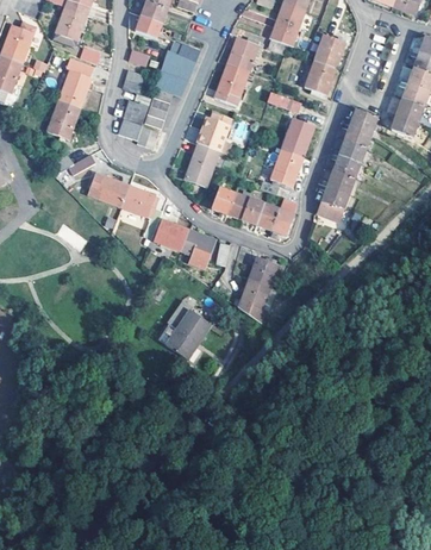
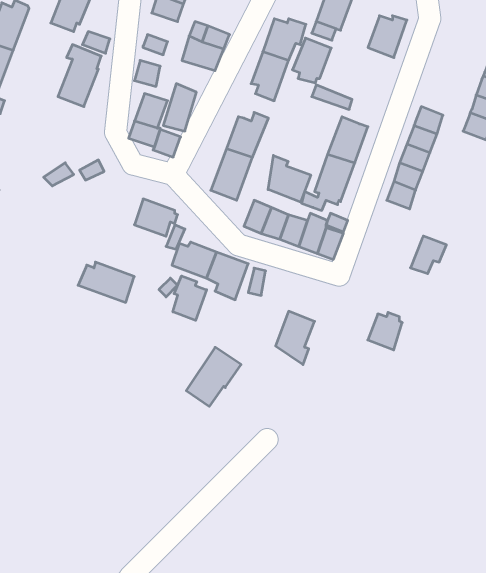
building: [304,60,336,96] -> [292,38,331,83]
building: [155,70,188,95] -> none
building: [48,100,80,138] -> none
building: none -> [268,155,311,202]
building: [82,173,129,206] -> [78,262,134,302]
building: [319,186,349,217] -> [410,236,446,274]
building: none -> [173,276,207,320]
building: [249,255,277,286] -> [368,312,402,350]

